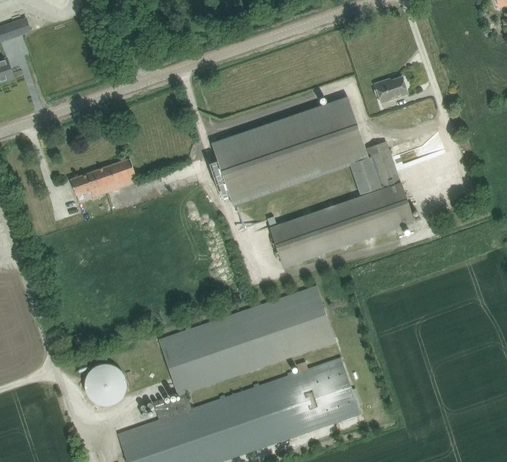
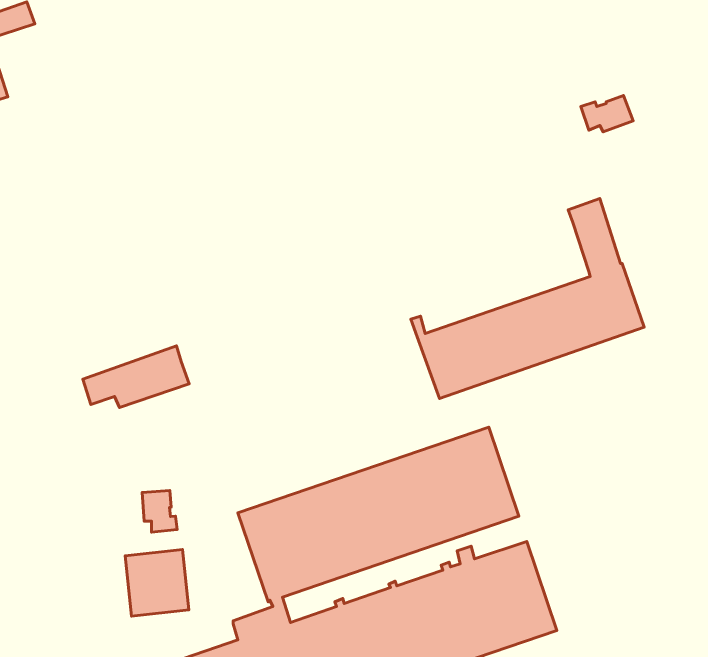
building: [209,98,379,204] -> none
building: [70,158,137,197] -> [83,346,189,408]
building: none -> [142,490,177,532]

